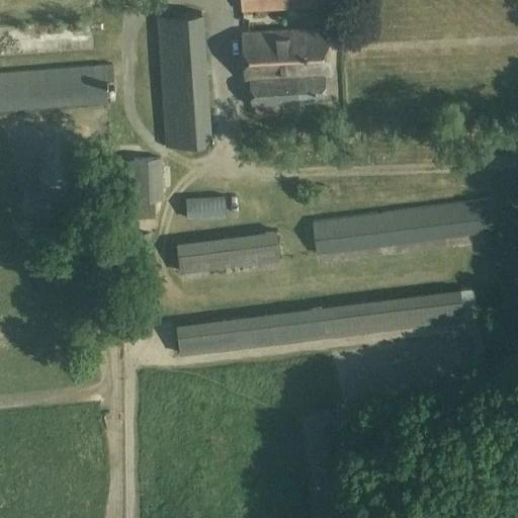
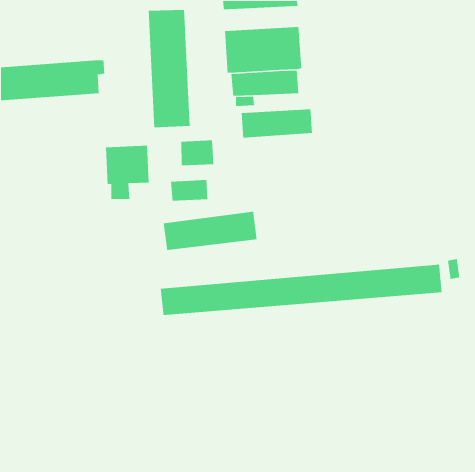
building: none -> [241,108,313,138]
building: none -> [180,140,214,166]
building: [313,201,495,259] -> none

